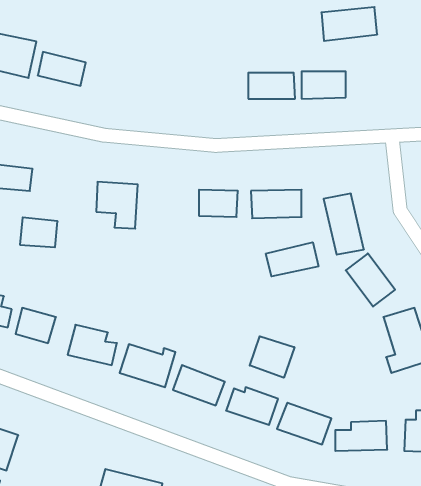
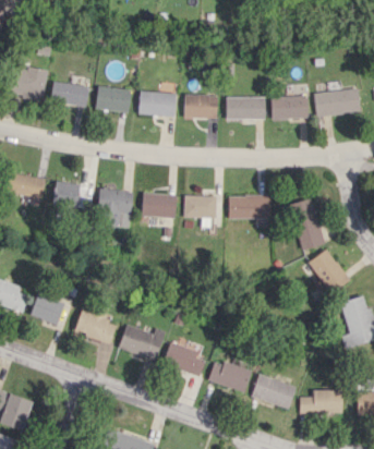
building: [321,7,377,41] -> [314,88,361,117]
building: none -> [97,87,132,111]
building: none -> [140,92,177,116]
building: none -> [185,95,218,118]
building: none -> [143,193,178,218]
building: [20,217,58,247] -> [55,182,86,207]
building: [266,242,318,276] -> none
building: [250,336,294,378] -> none

